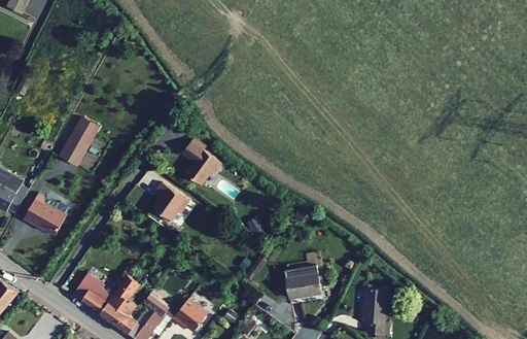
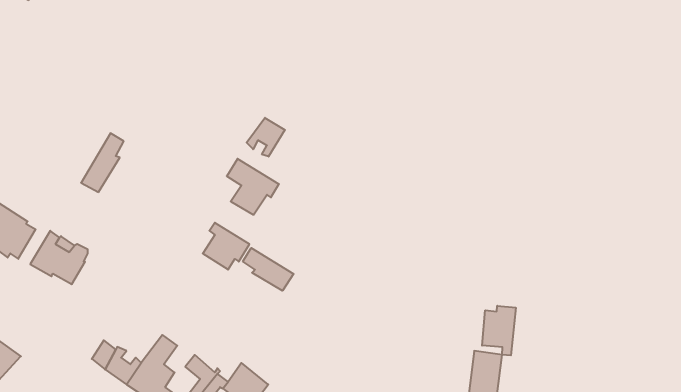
building: none -> [247,118,285,157]
building: none -> [243,248,294,291]
building: none -> [482,306,516,355]
building: [283,264,319,303] -> none

